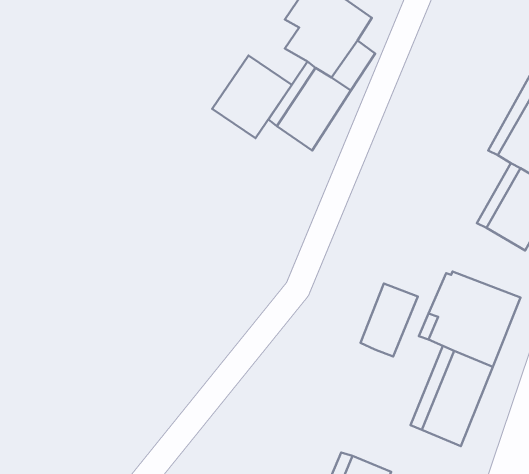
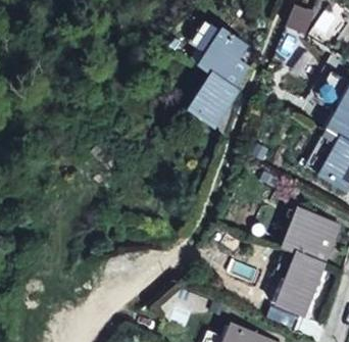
building: [212,56,292,138] -> none
building: [360,283,418,357] -> none

